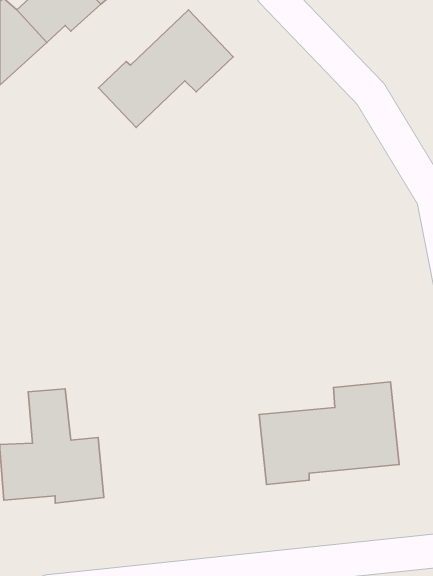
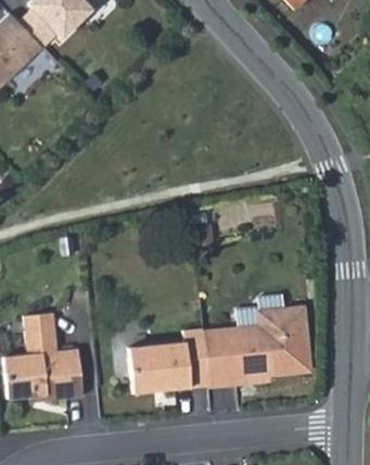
building: [99,10,233,128] -> none
building: none -> [127,329,207,392]

